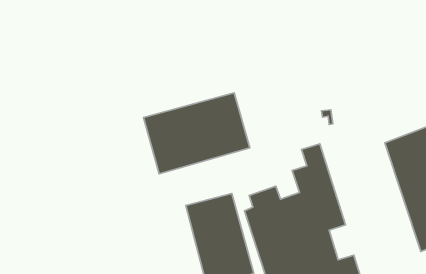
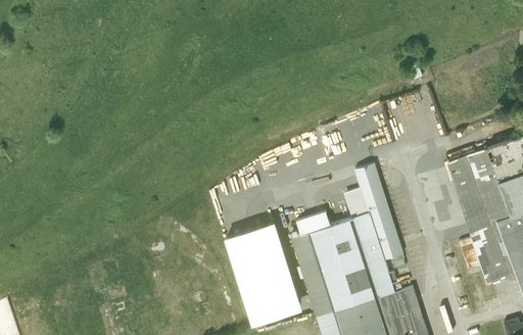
building: [144,93,250,174] -> none

